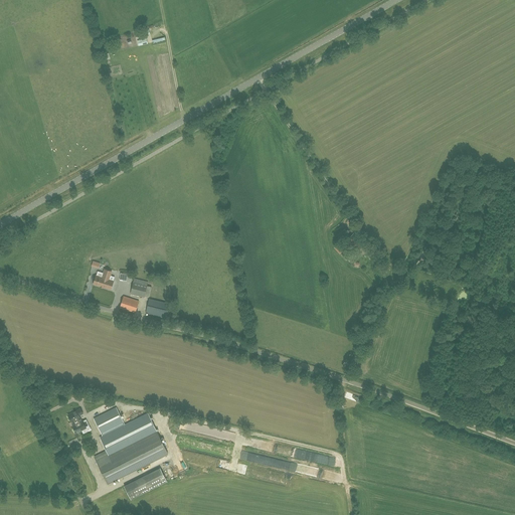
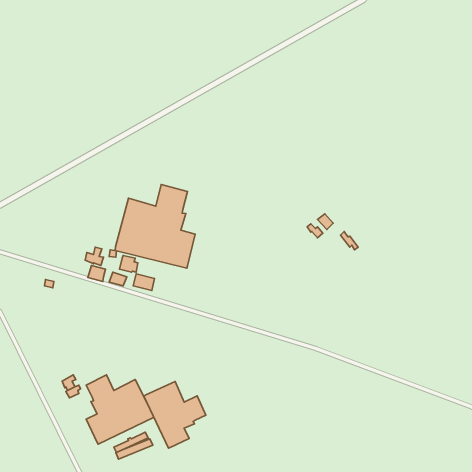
building: none -> [115,185,195,268]
building: none -> [144,382,206,448]

